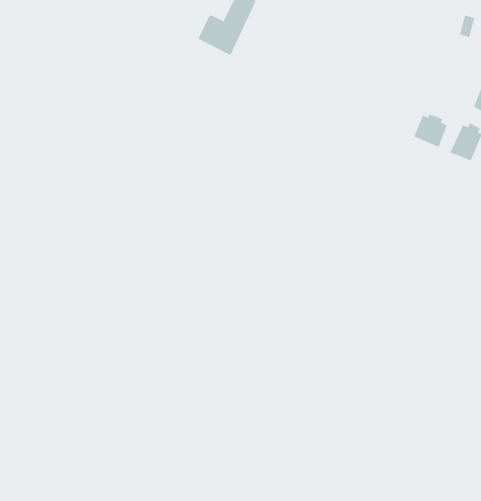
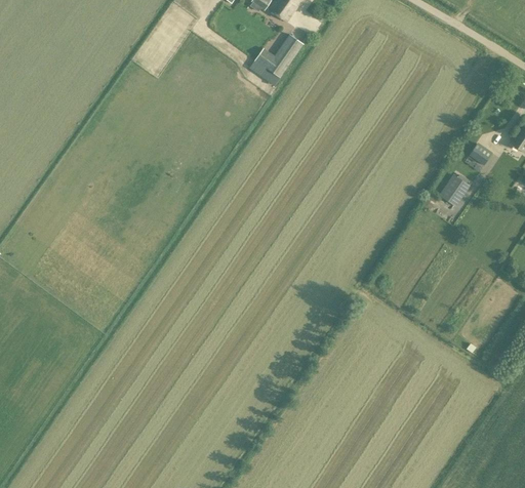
building: [414,114,447,148] -> none

